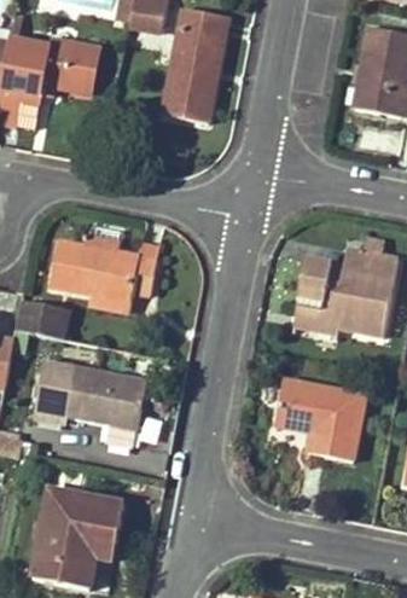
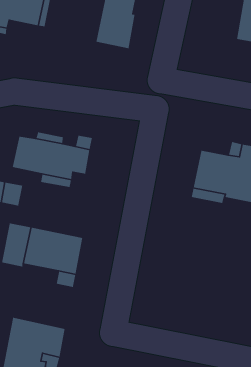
building: [275,376,366,459] -> none

